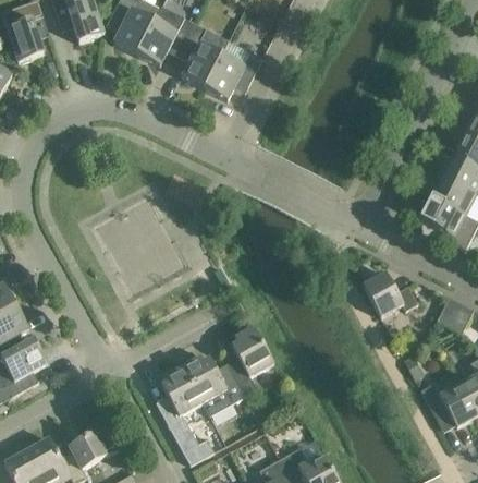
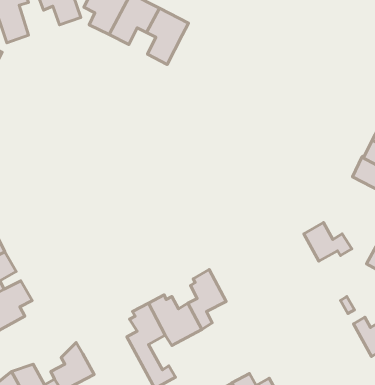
building: [205,40,263,100] -> none

